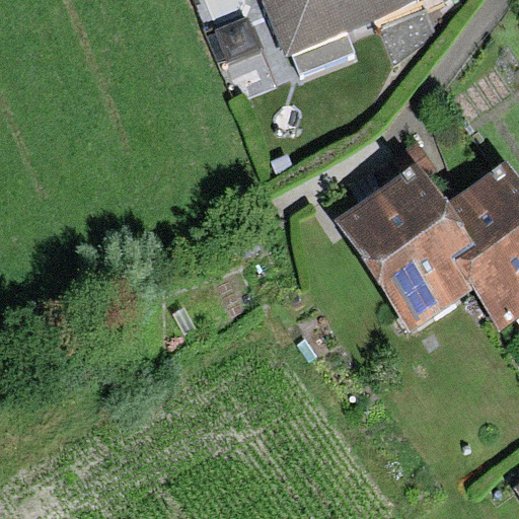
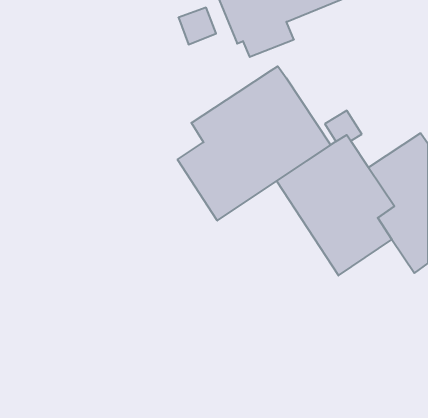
building: none -> [178,66,330,221]

